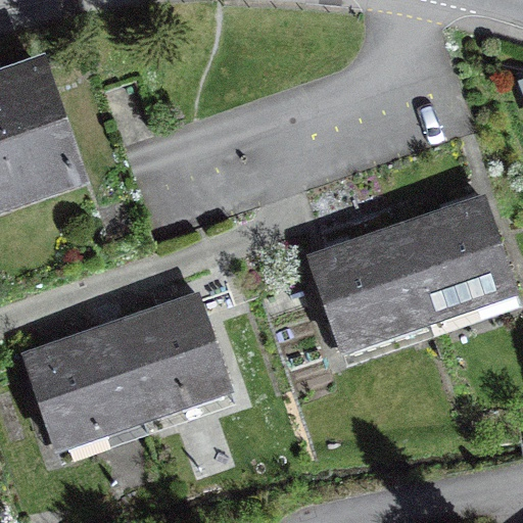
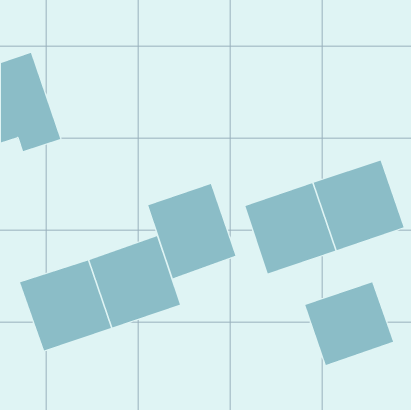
building: none -> [148,183,236,279]
building: none -> [305,281,394,366]

